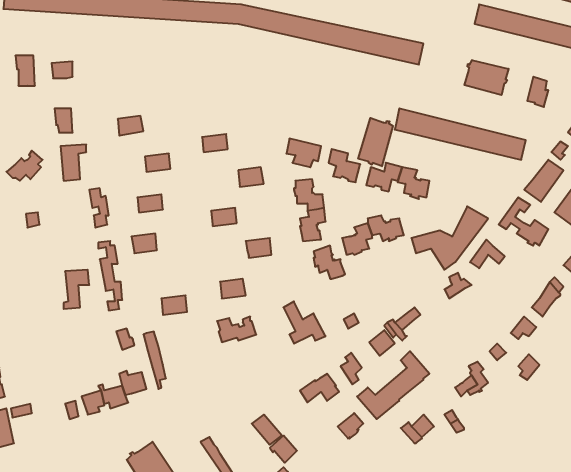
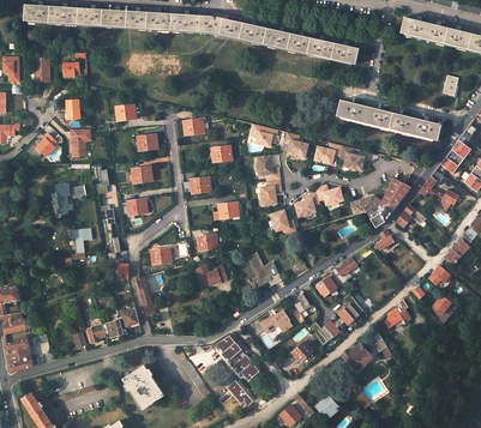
building: [464,60,509,95] -> none
building: [358,118,393,166] -> none
building: none -> [54,182,85,213]

